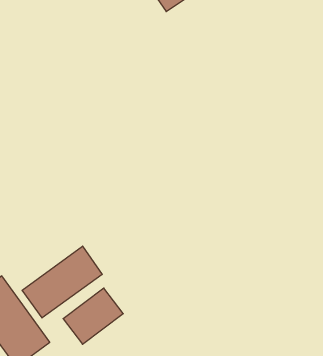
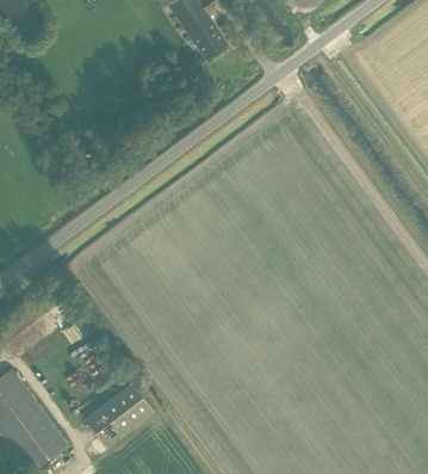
building: [22,246,102,318] -> none

